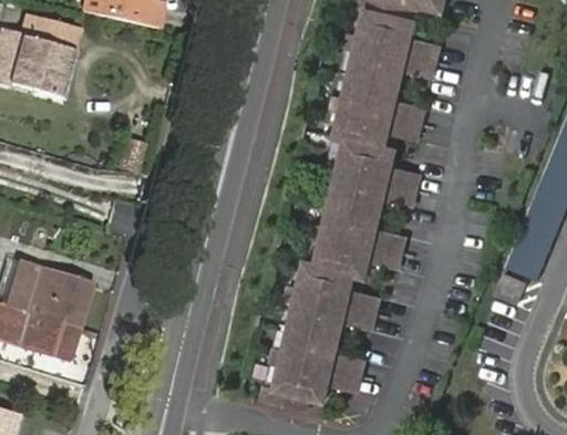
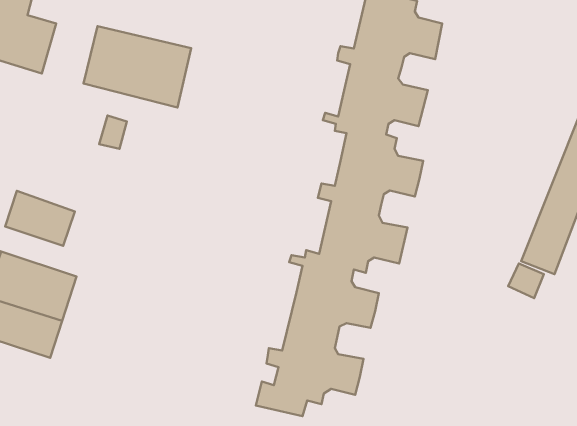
building: none -> [84,26,191,107]
building: none -> [5,191,75,246]

